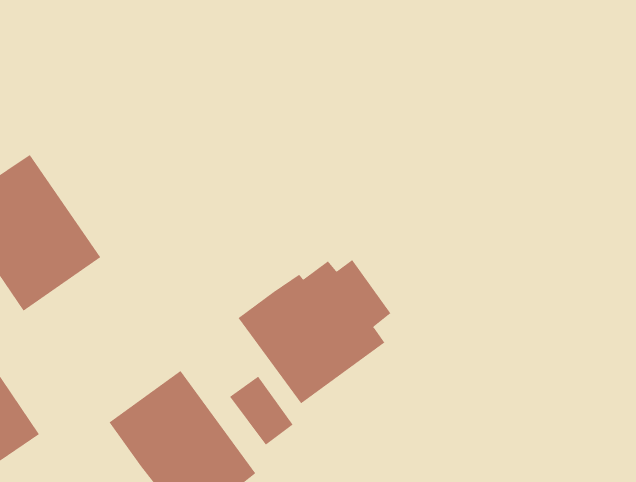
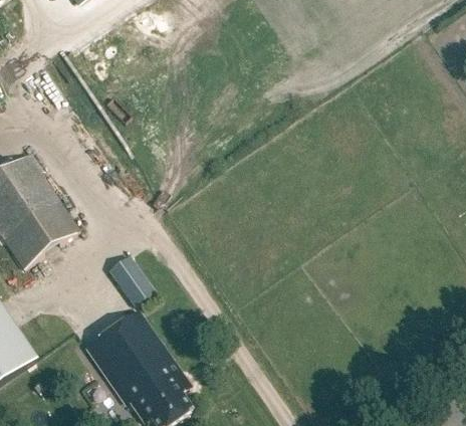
building: [237,259,391,404] -> none
building: [229,376,293,446] -> [106,253,153,303]

